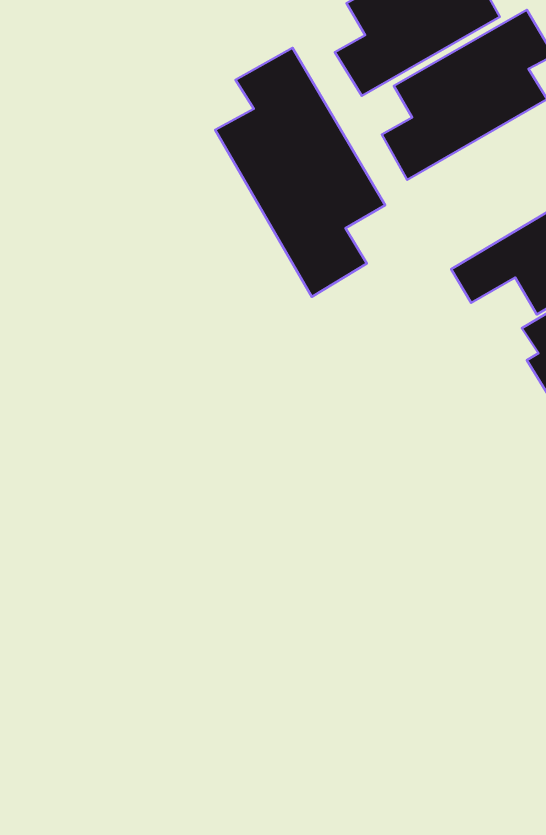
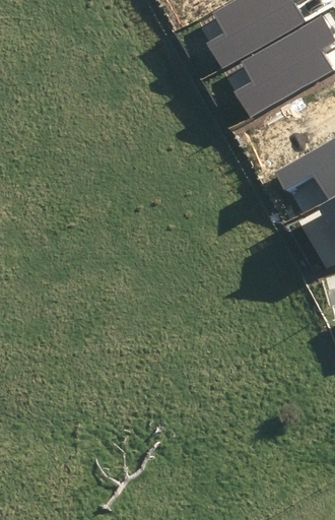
building: [215,48,385,297] -> none

